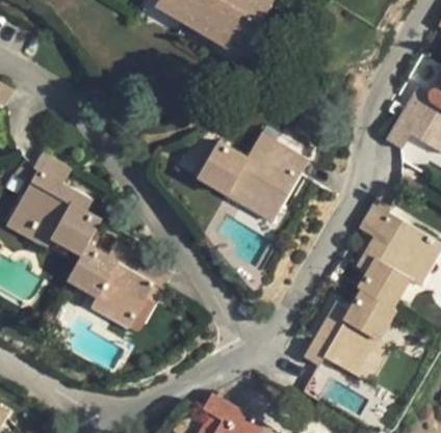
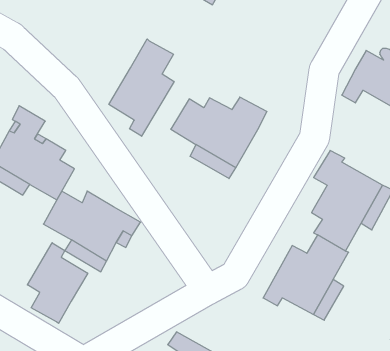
building: none -> [109,39,174,136]
building: none -> [27,243,88,323]

